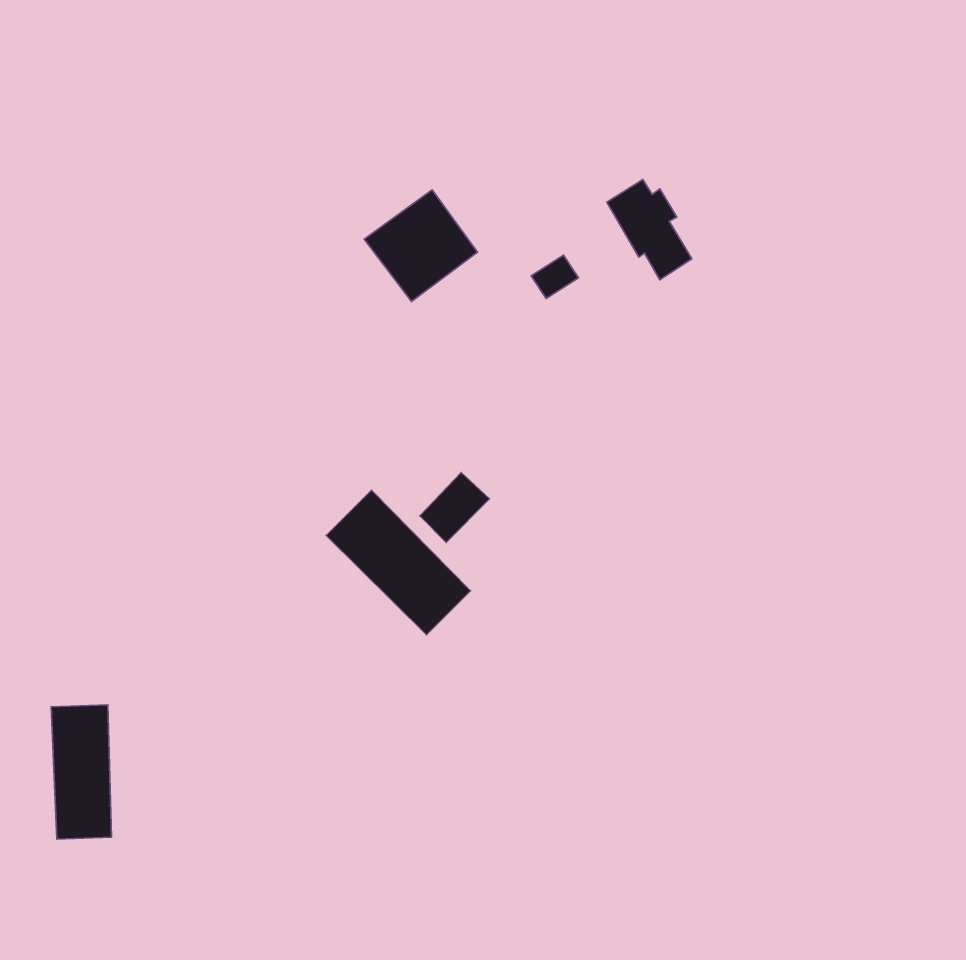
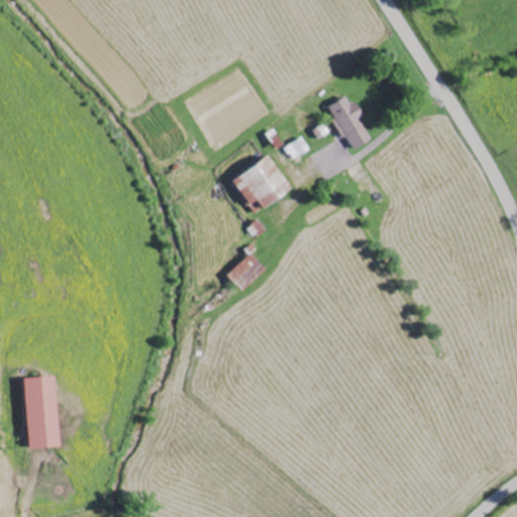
building: [364,190,478,301] -> [228,154,289,214]
building: [326,490,470,635] -> none

